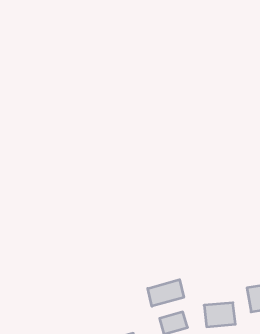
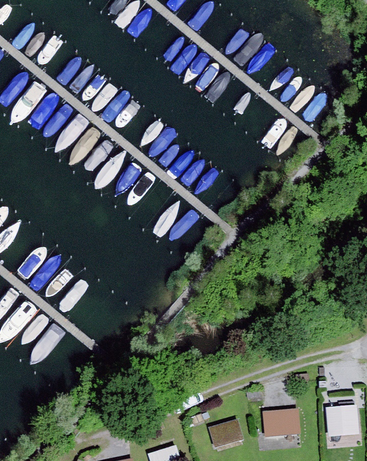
building: [148,280,184,306] -> none

